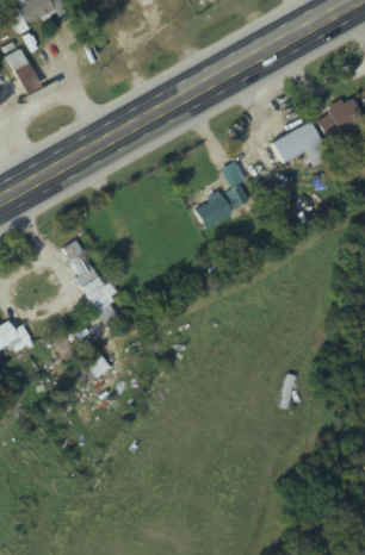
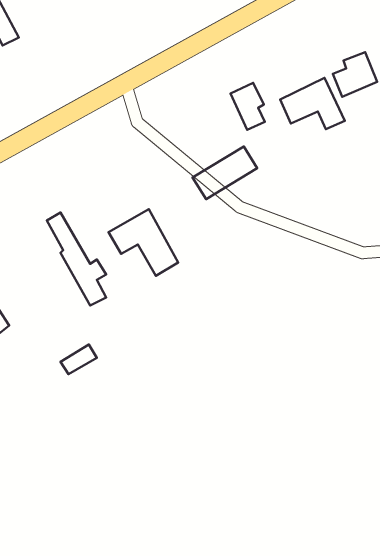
building: none -> [231,83,265,130]
building: none -> [108,209,178,276]

